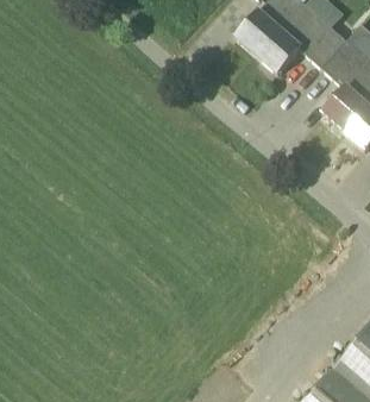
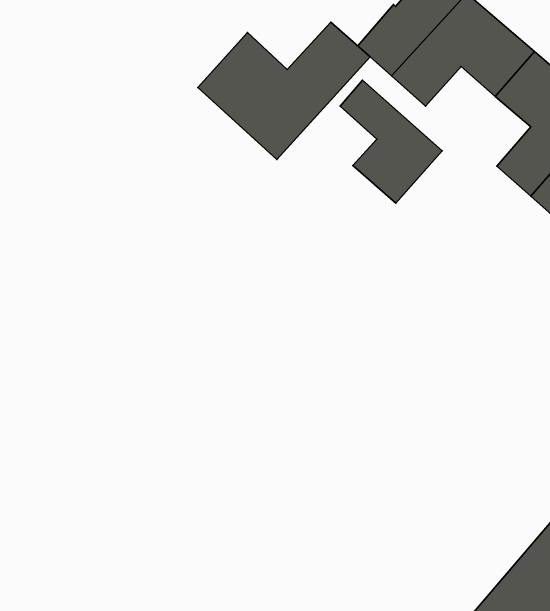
building: none -> [198,22,370,160]
building: none -> [340,80,442,203]

